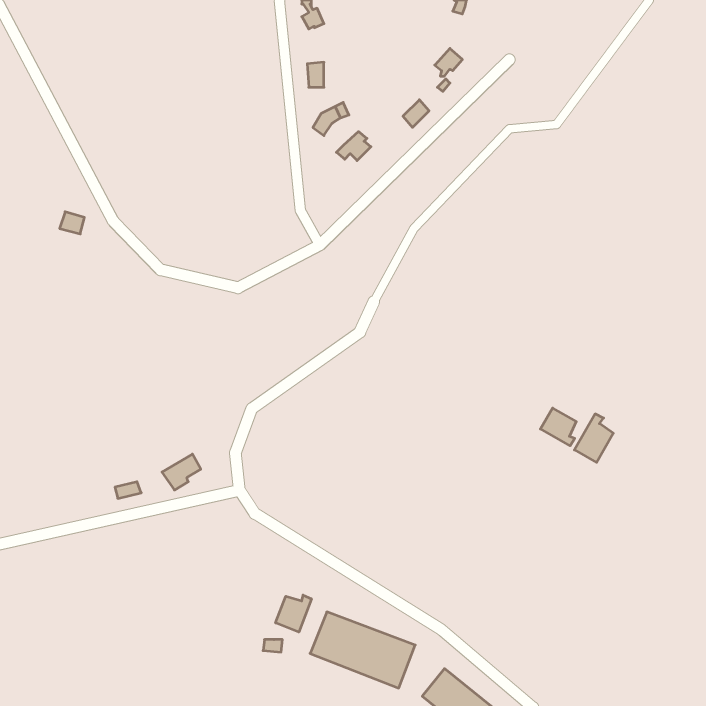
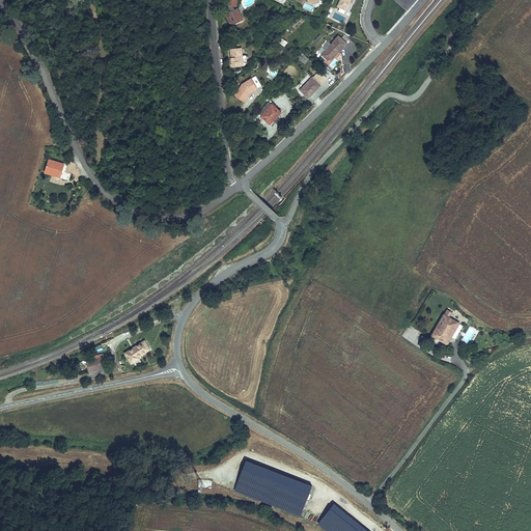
building: [540,408,576,446] -> none
building: [276,595,311,632] -> none

